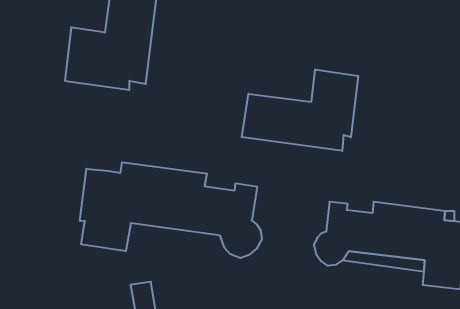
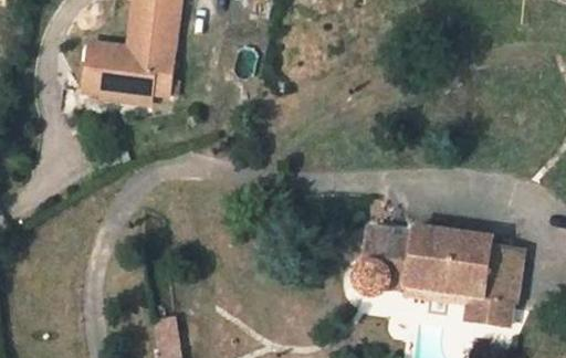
building: [242,69,358,151] -> none
building: [80,162,262,258] -> none

